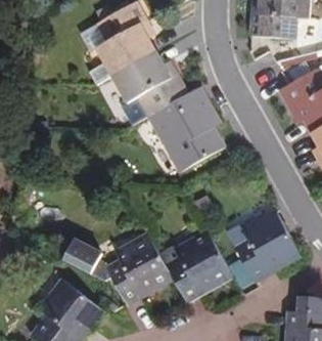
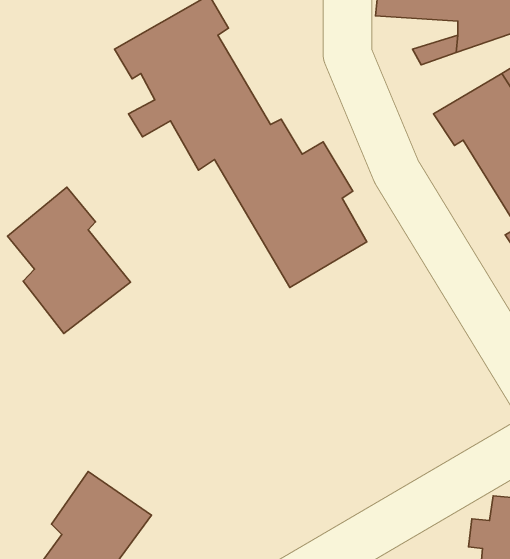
building: none -> [7,187,131,333]
building: [233,210,295,278] -> none
building: [65,230,230,304] -> none

